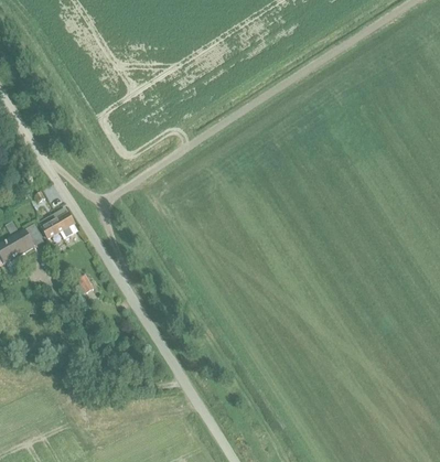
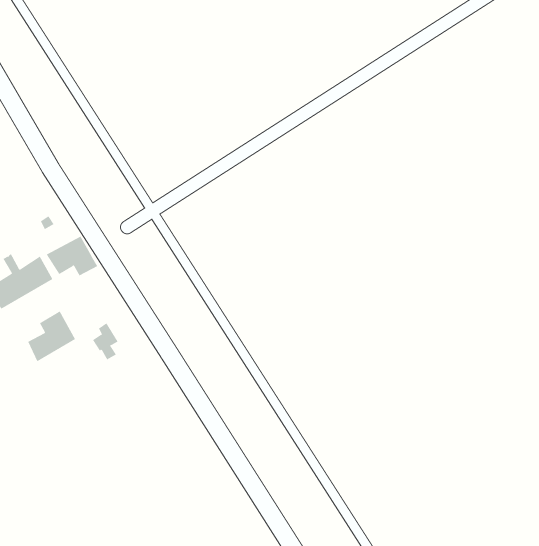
building: none -> [28,311,76,362]

